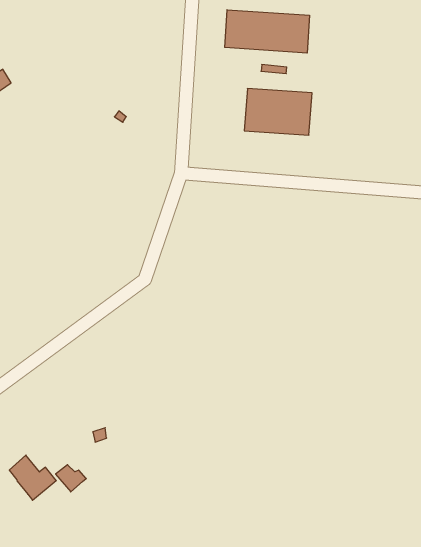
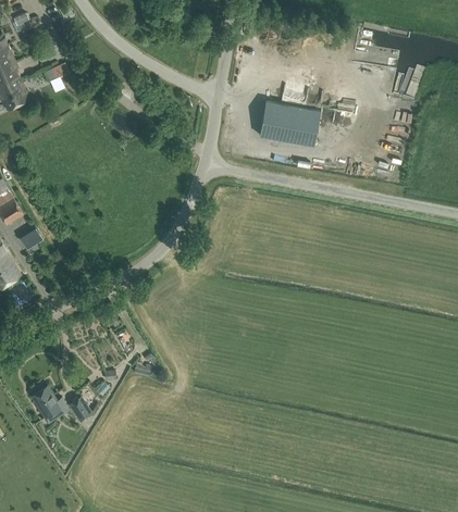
building: [225,10,309,53] -> none

